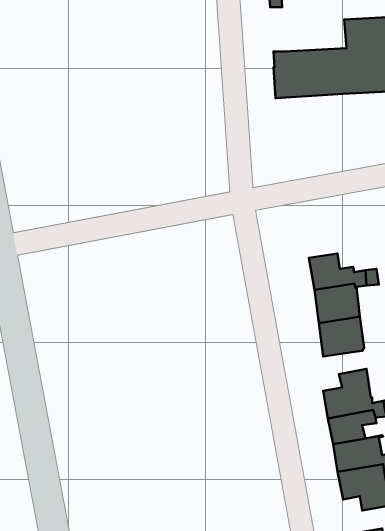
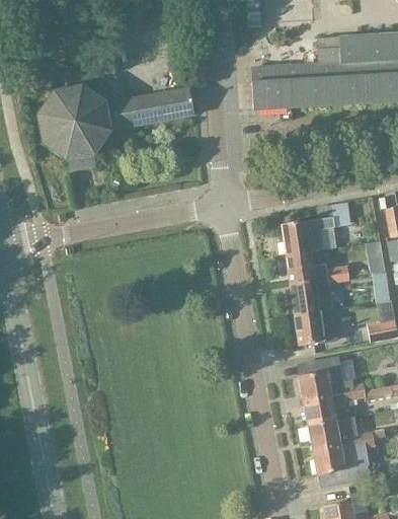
building: none -> [37,67,194,169]
building: none -> [282,216,335,254]

